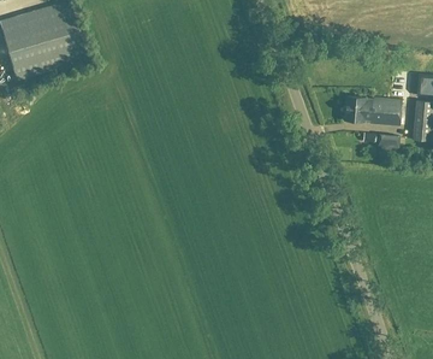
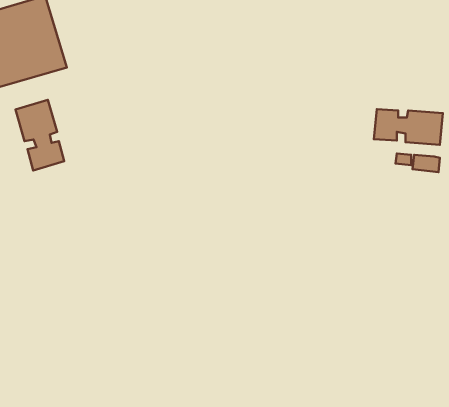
building: none -> [15,100,64,171]

